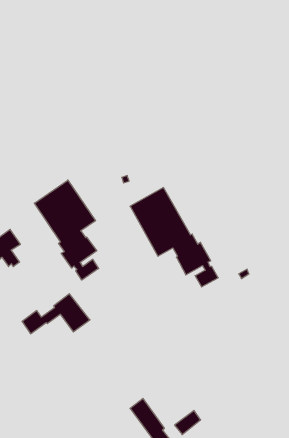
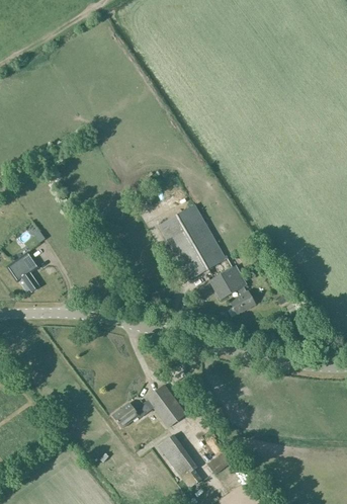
building: [34,180,99,280] -> none
building: [22,294,90,334] -> [112,385,186,428]

